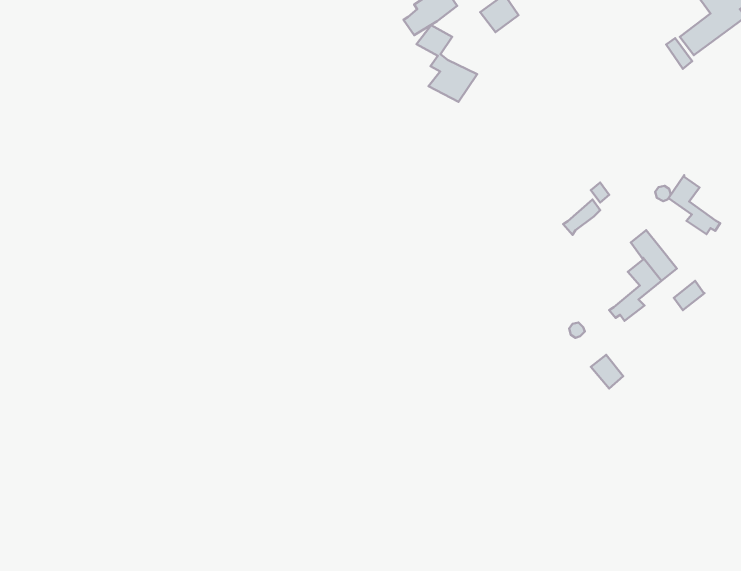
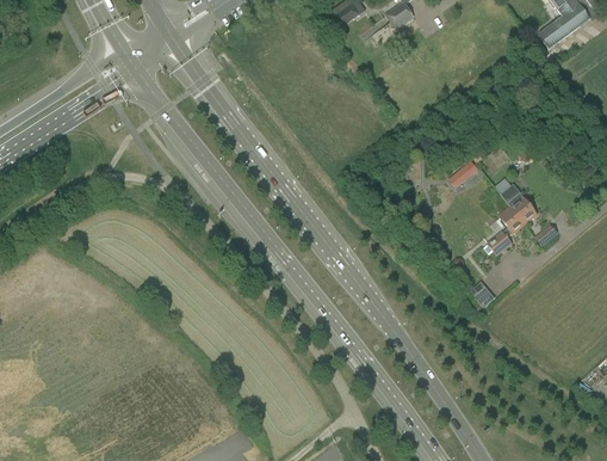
building: [416,25,477,102] -> none
building: [668,175,720,234] -> none

